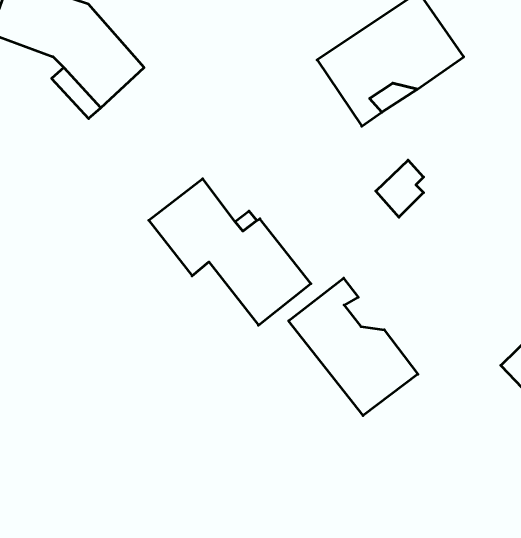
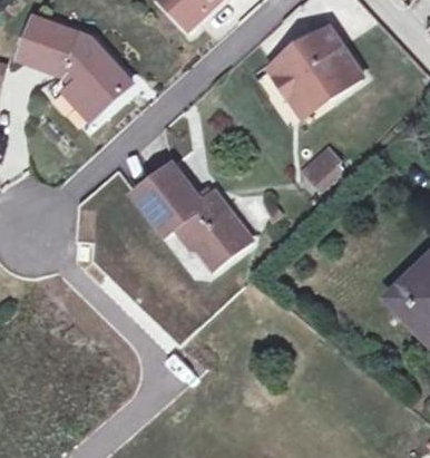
building: [289,278,418,416] -> none

